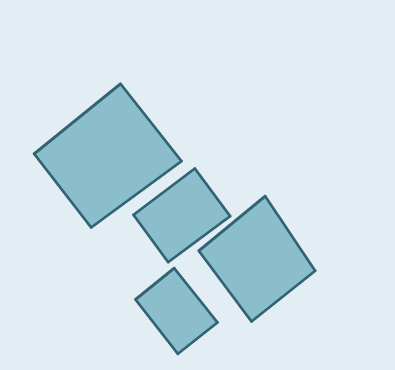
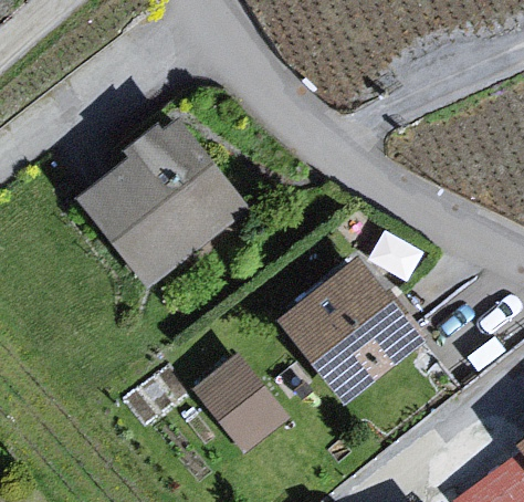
building: [134,169,230,262] -> none

